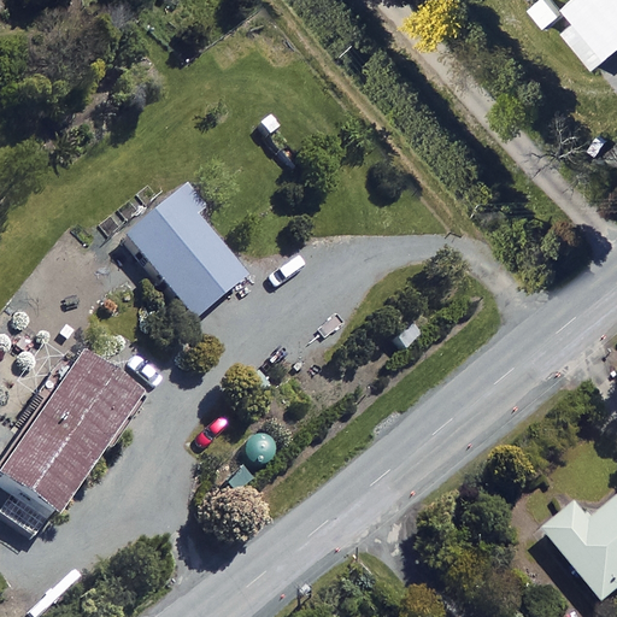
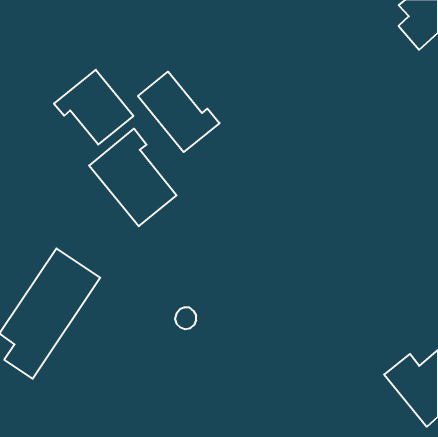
building: none -> [54,70,133,145]
building: none -> [138,72,220,152]

